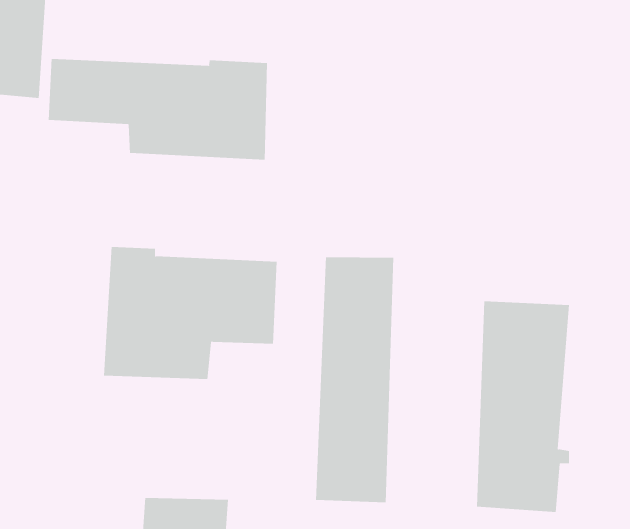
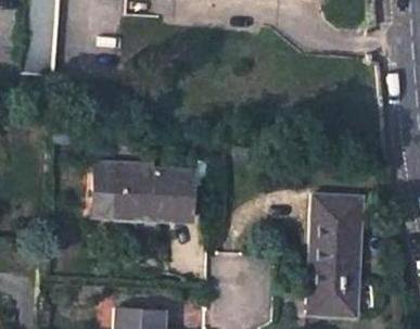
building: [48,58,267,161] -> none
building: [316,256,394,503] -> none

